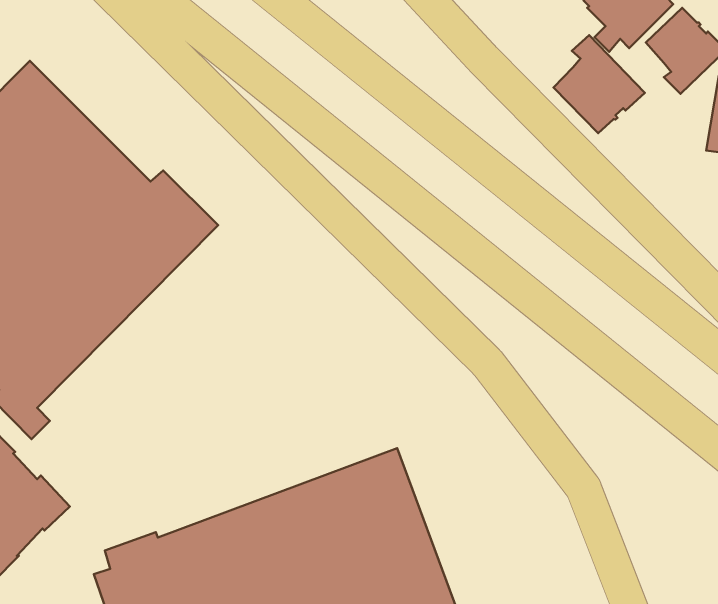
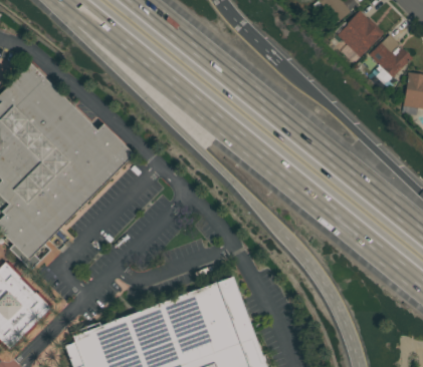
building: [554,35,645,133] -> none

